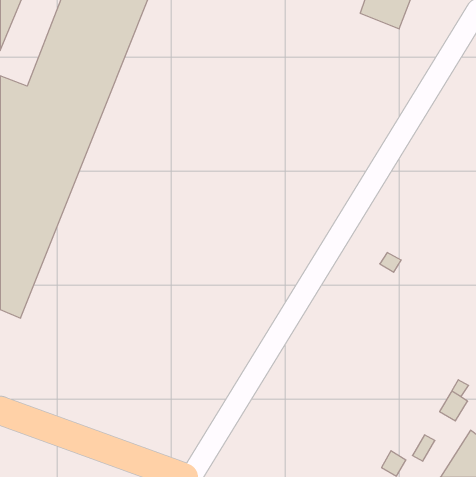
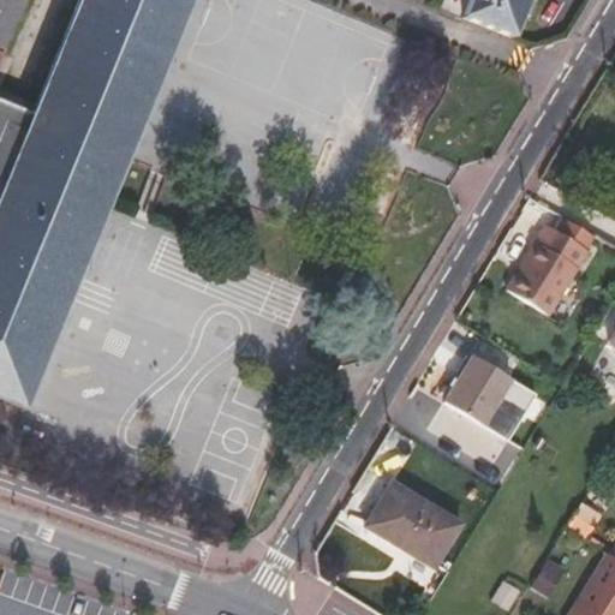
building: none -> [507,215,597,316]
building: none -> [443,354,536,440]
building: none -> [365,480,464,569]

